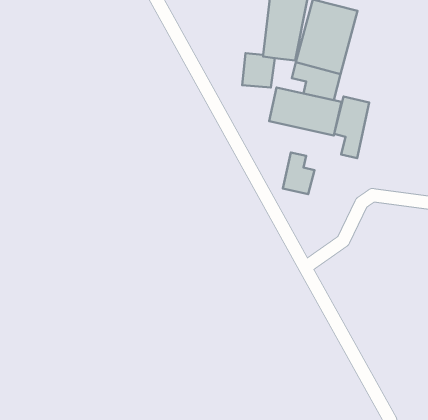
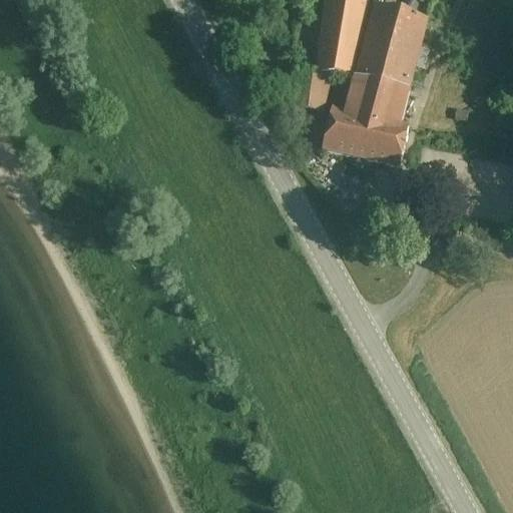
building: [334,97,369,158] -> none
building: [283,153,315,194] -> none

